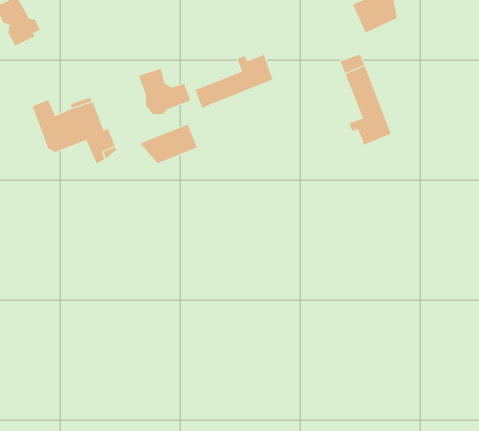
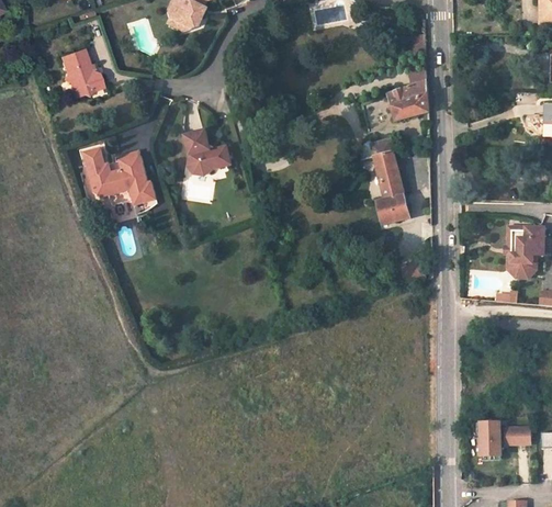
building: [195,53,273,108] -> none
building: [140,124,197,164] -> none

